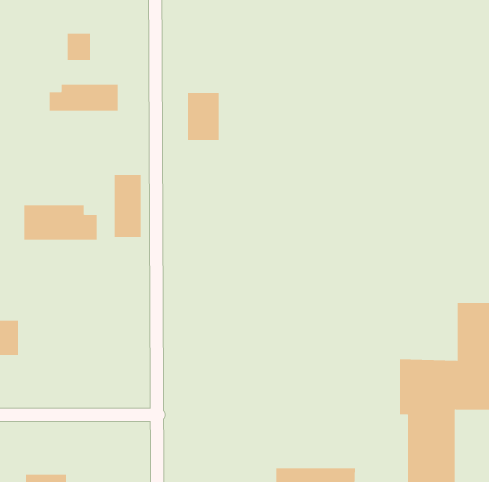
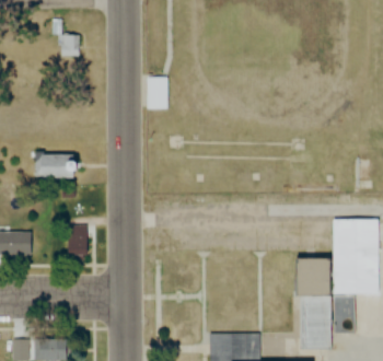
building: [49,84,118,111] -> none
building: [114,174,141,238] -> none
building: none -> [66,224,84,258]

